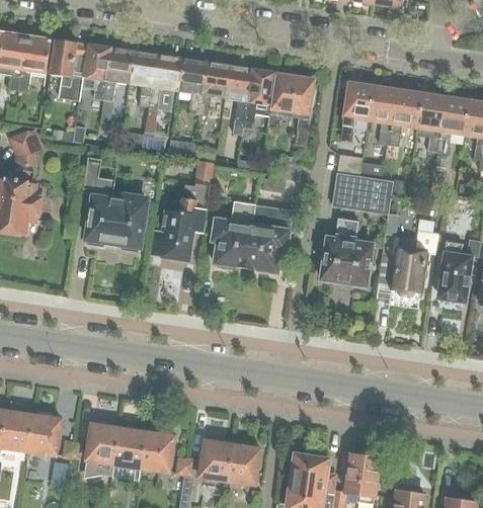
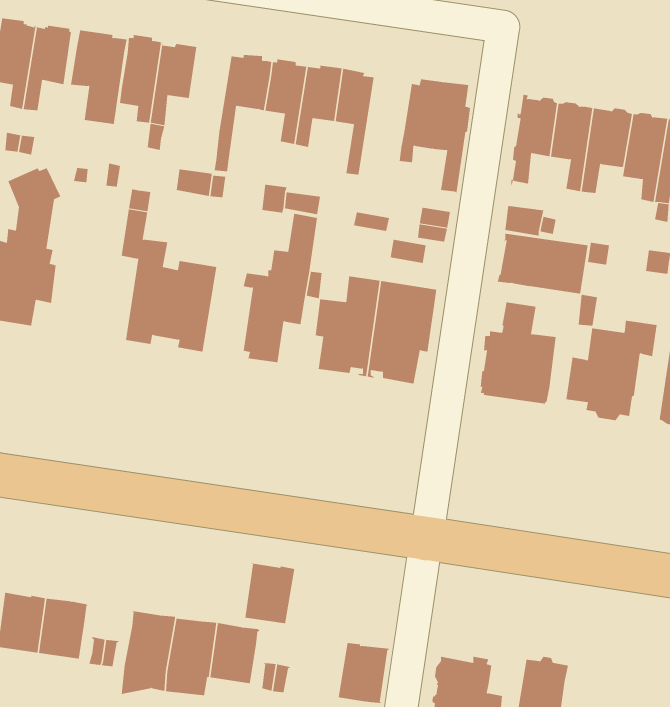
building: [129,50,156,106] -> none
building: [242,68,275,129] -> none
building: [199,440,233,481] -> [245,563,295,624]

